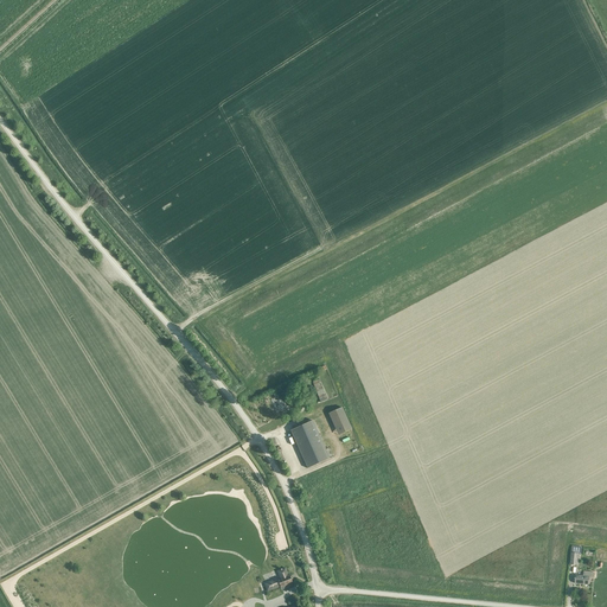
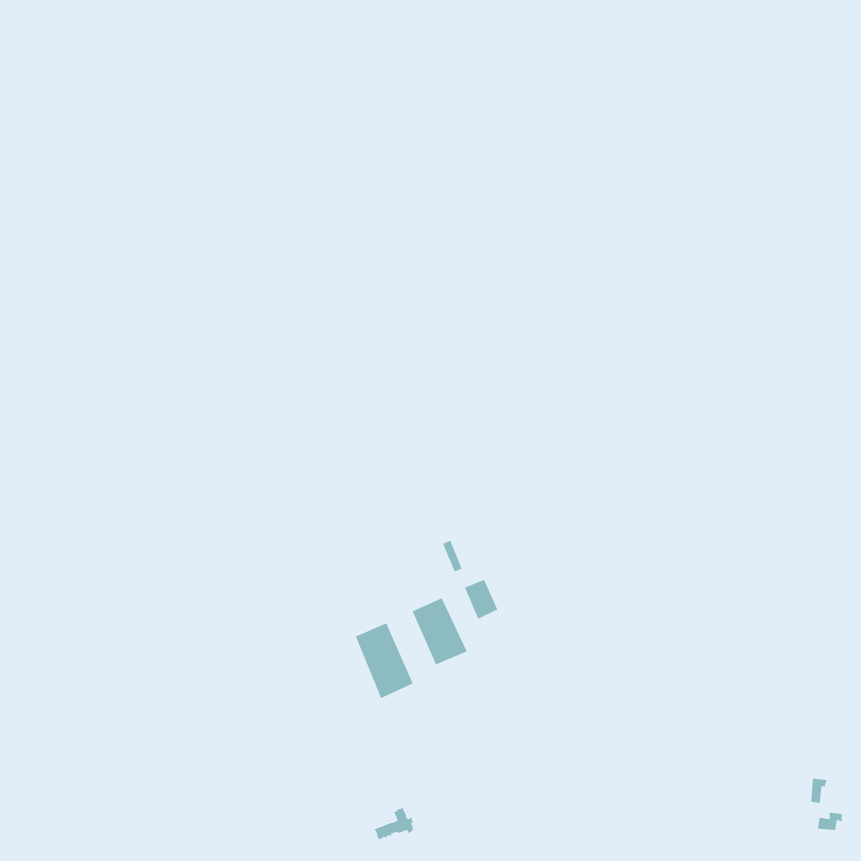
building: none -> [355,623,413,699]

